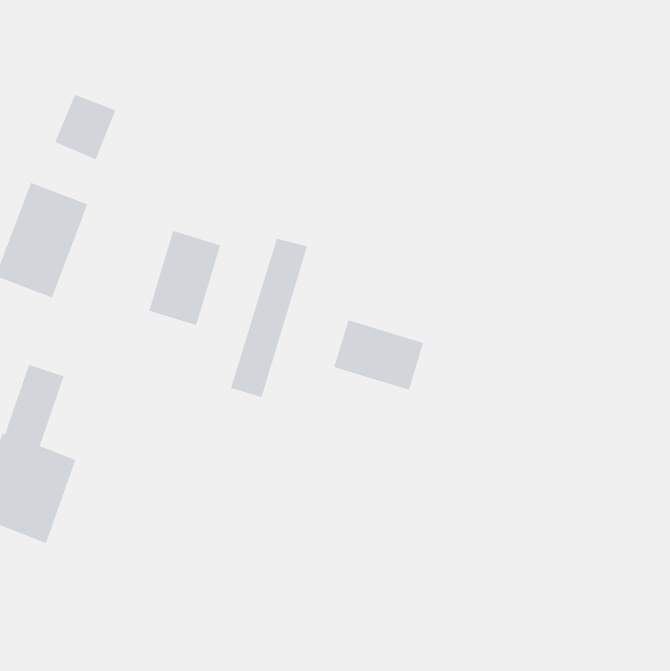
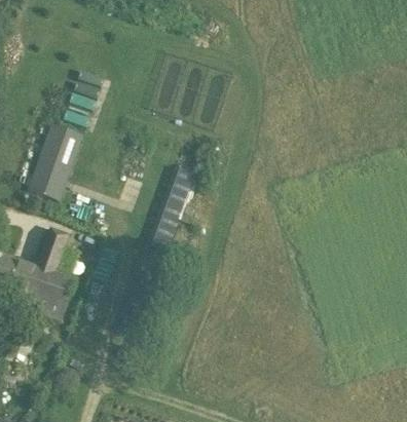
building: [149,230,221,326] -> none
building: [334,320,424,391] -> none

